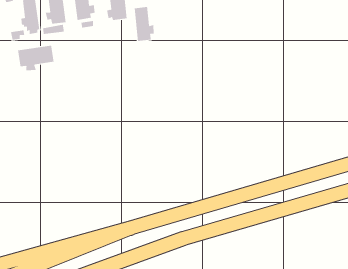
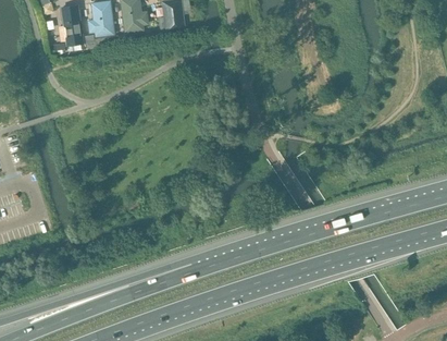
building: [134,6,154,42] -> none
building: [17,45,54,71] -> none

